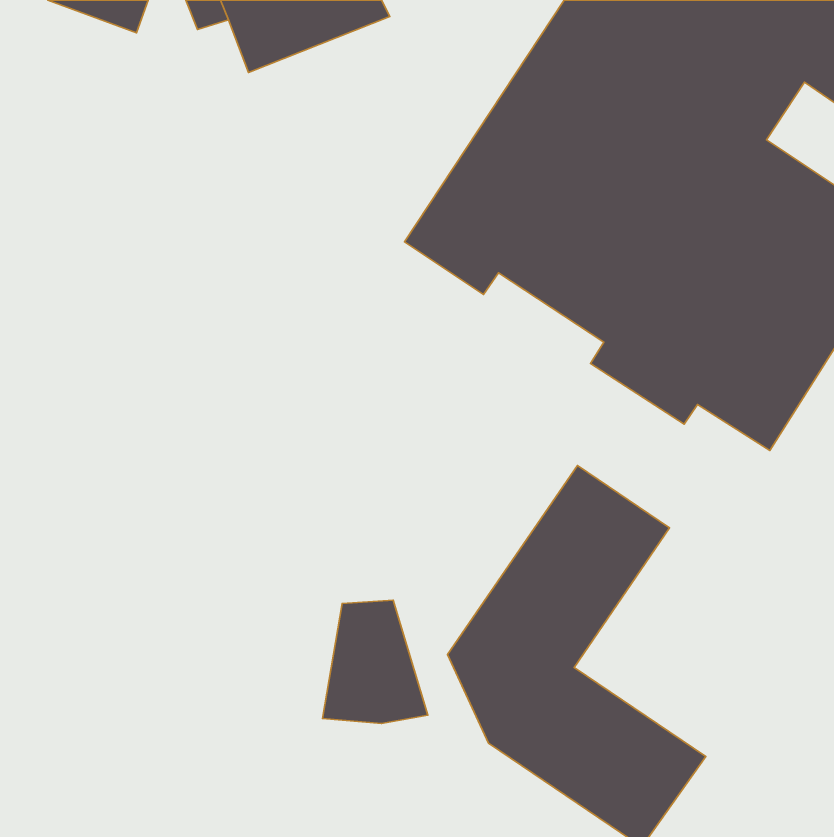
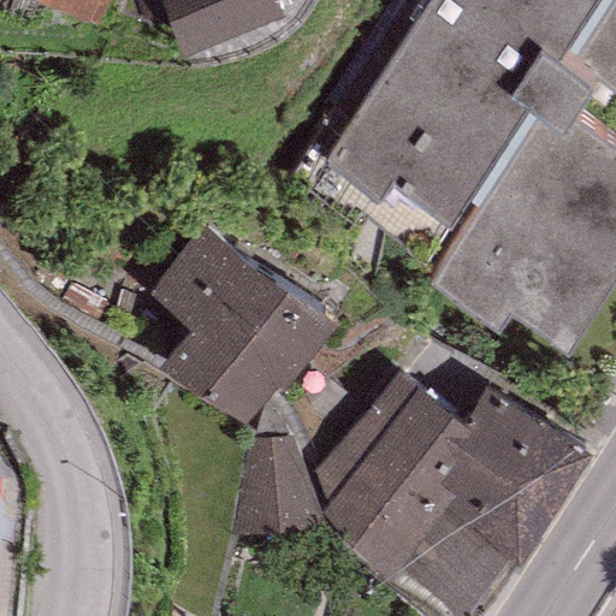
building: none -> [161,229,320,405]
building: none -> [425,389,591,556]

